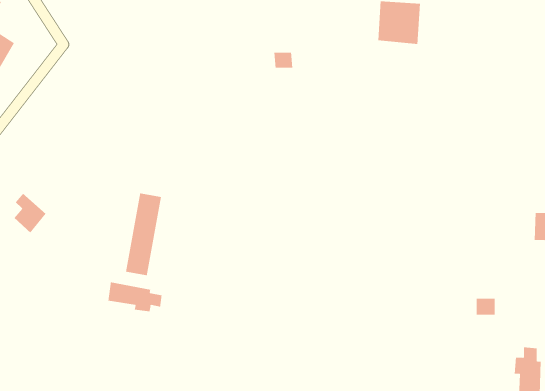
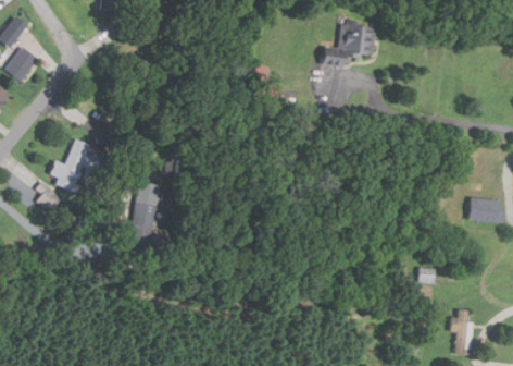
building: none -> [49,138,97,192]
building: [108,282,162,312] -> none

